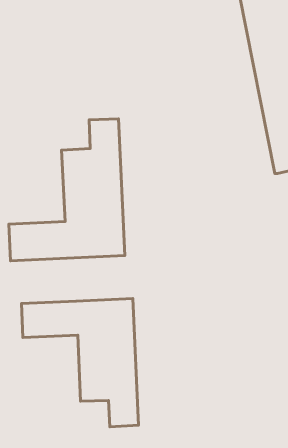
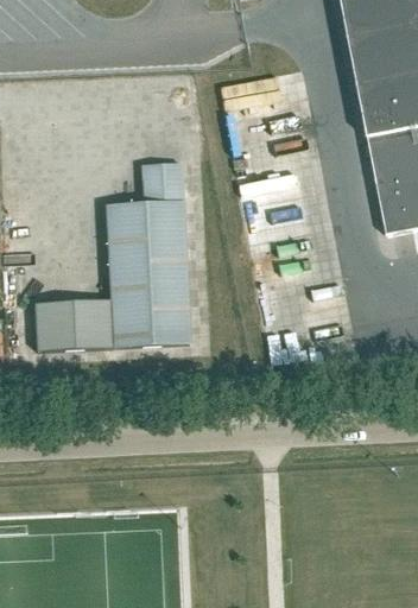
building: [21,299,139,427] -> none

